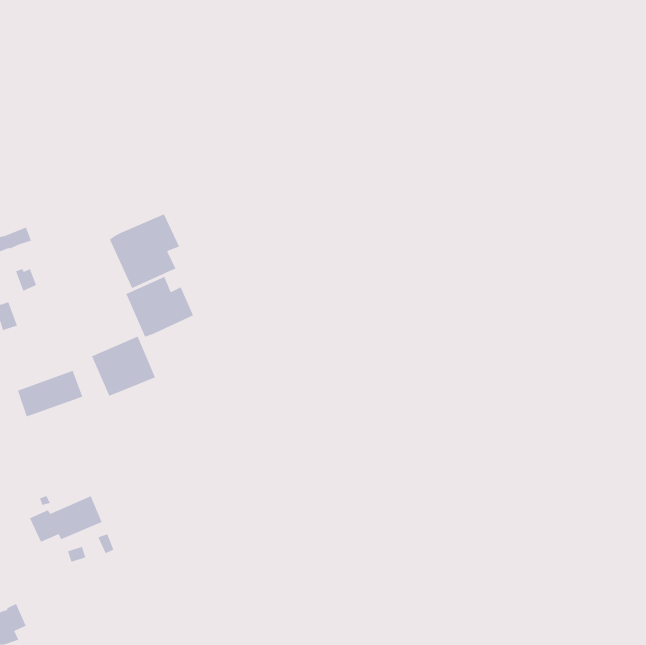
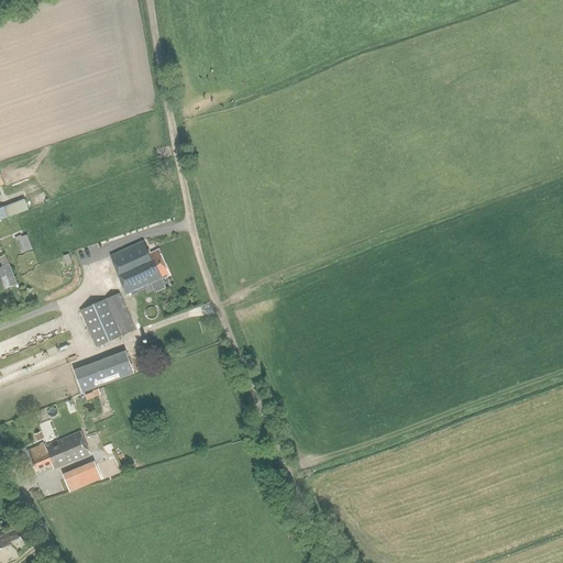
building: [109,213,180,289] -> none
building: [17,370,83,417] -> [76,350,133,390]

